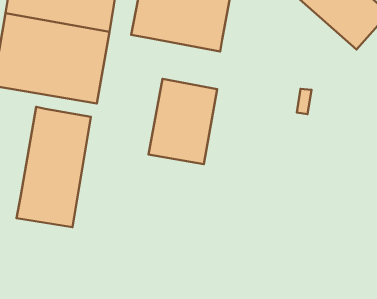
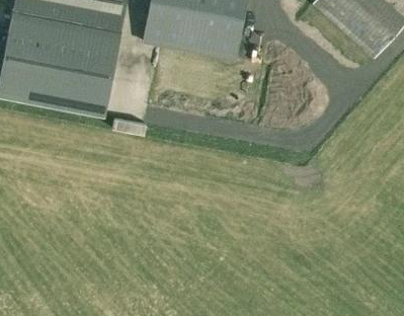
building: [149,79,217,164] -> none
building: [17,107,91,227] -> none

